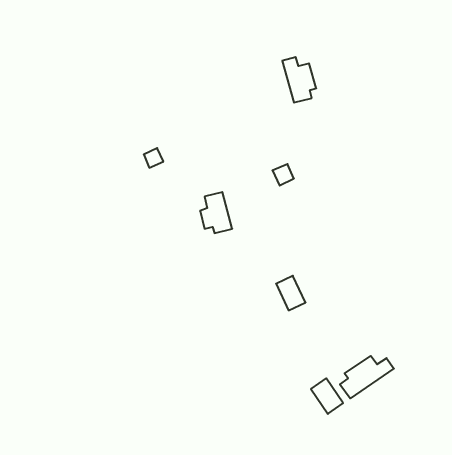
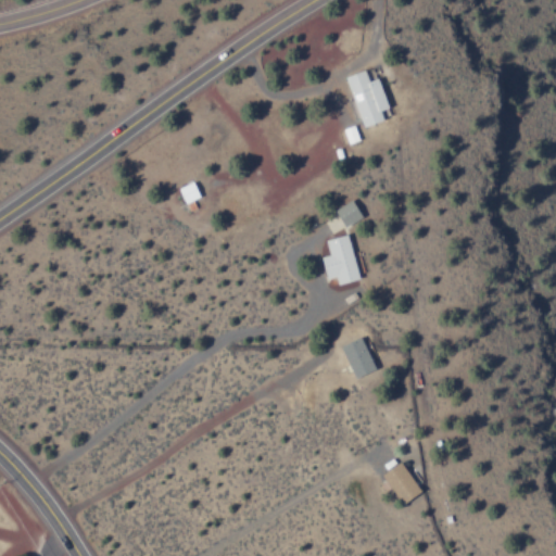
building: [200,192,232,233] -> [323,235,362,285]
building: [340,356,394,398] -> none

